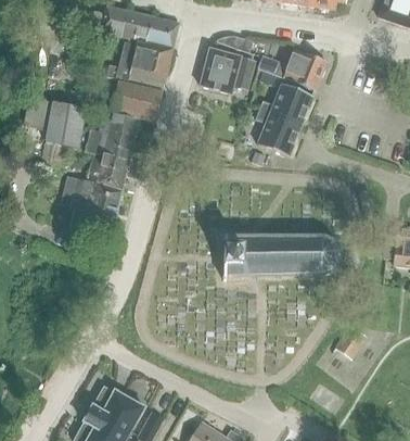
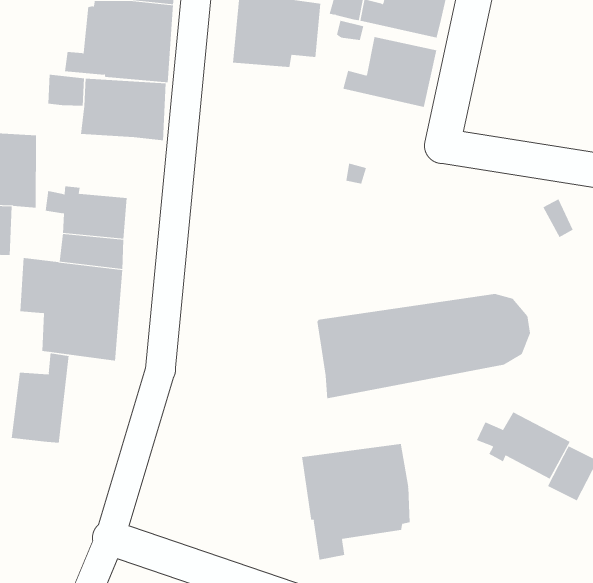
building: [97,109,139,150] -> none
building: [255,109,302,156] -> none
building: none -> [11,352,69,443]
building: none -> [476,412,570,480]
building: none -> [301,443,410,560]

